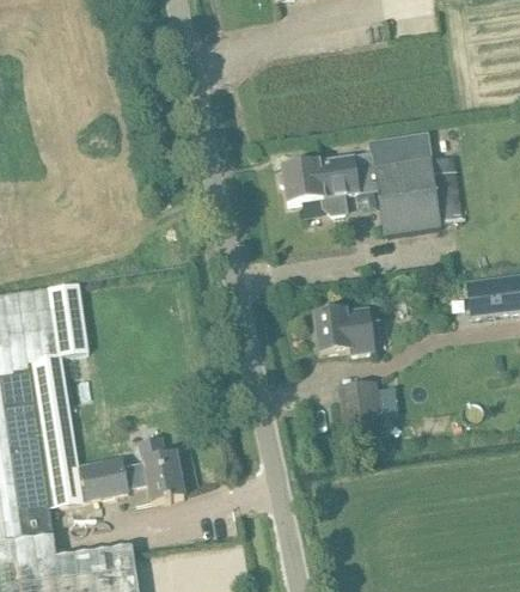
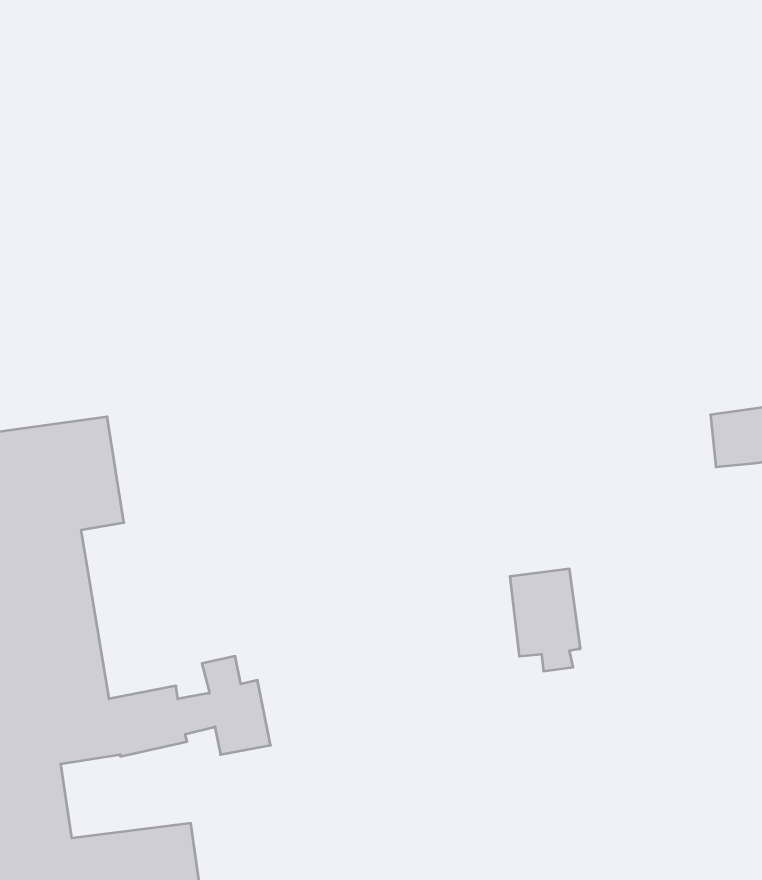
building: [279,130,461,233] -> none
building: [313,307,373,353] -> none

